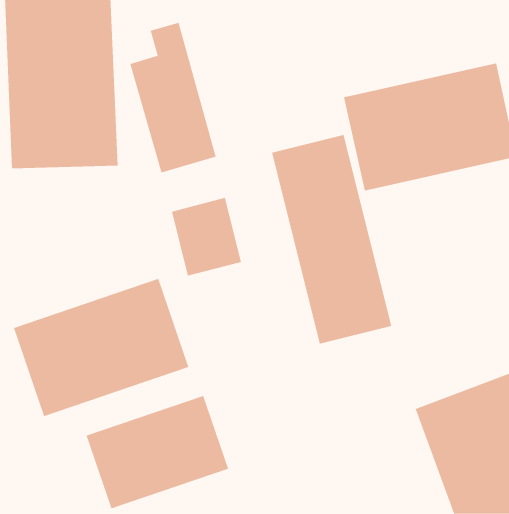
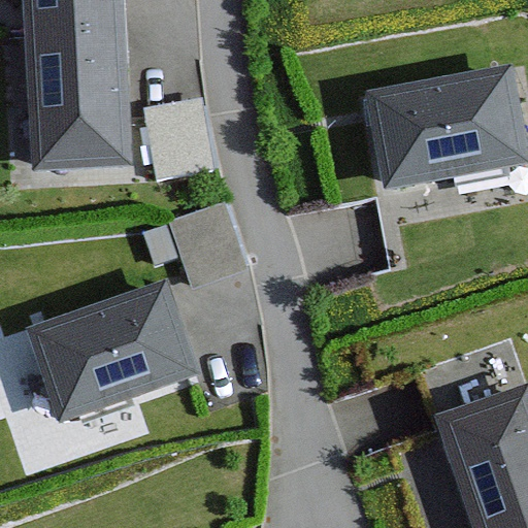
building: [271,134,392,345] -> none
building: [86,395,229,509] -> none

